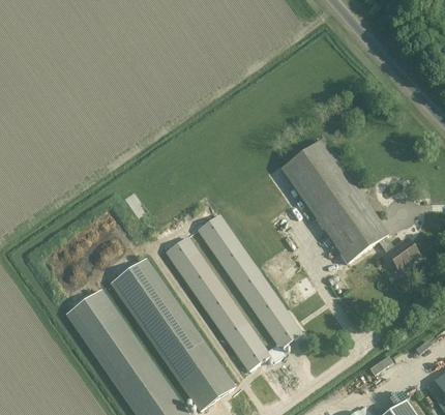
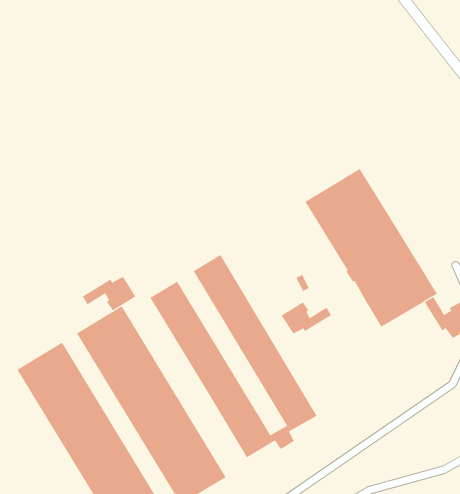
building: none -> [82,276,136,311]
building: none -> [281,301,332,334]

